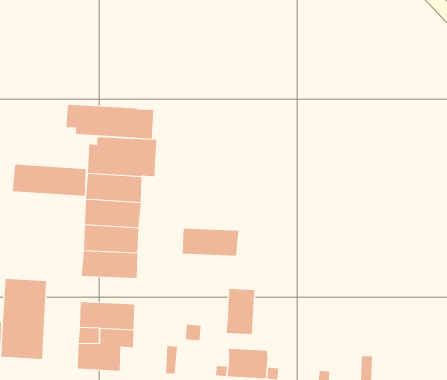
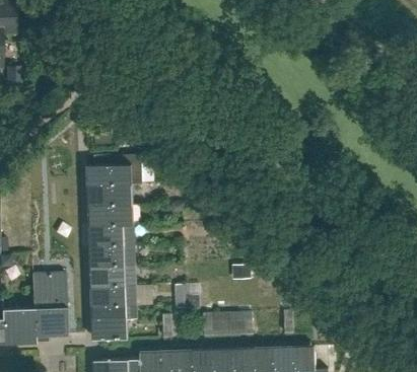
building: [66,104,154,139] -> none
building: [12,164,86,197] -> none
building: [182,228,239,256] -> [89,265,134,287]
building: [226,288,255,335] -> none

